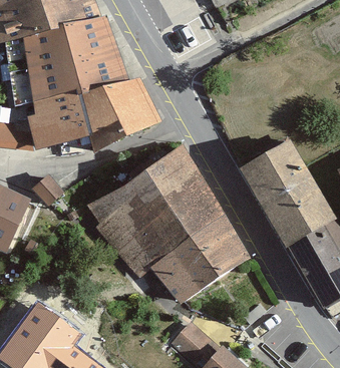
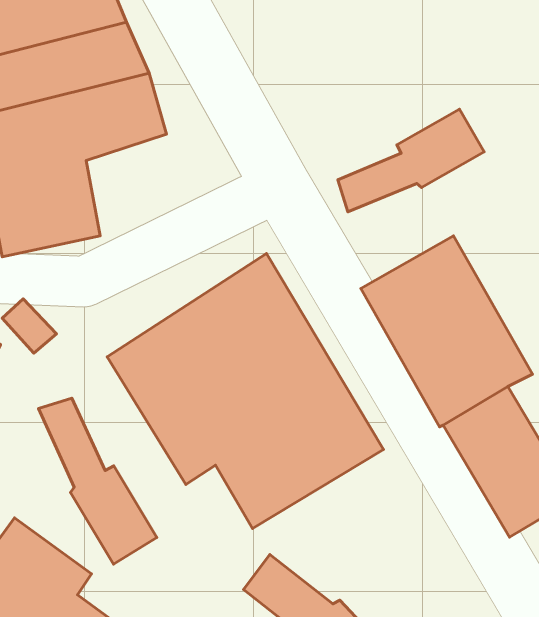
building: none -> [338,109,484,212]
building: [79,74,166,154] -> none
building: none -> [39,398,157,564]

